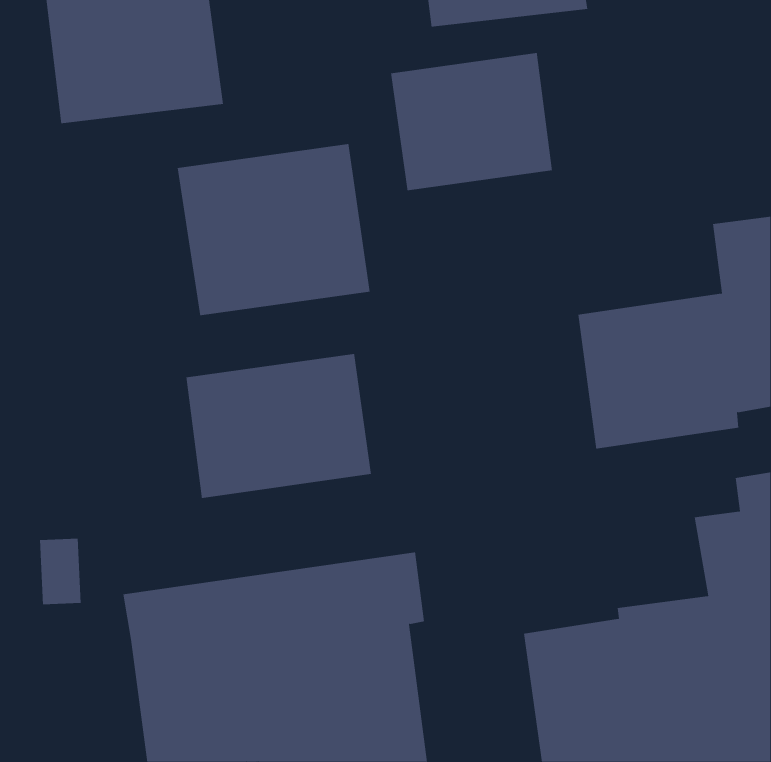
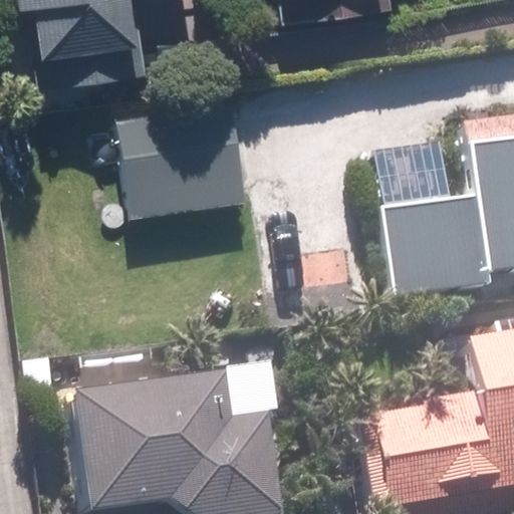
building: [391,52,552,191] -> none
building: [186,353,372,499] -> none

